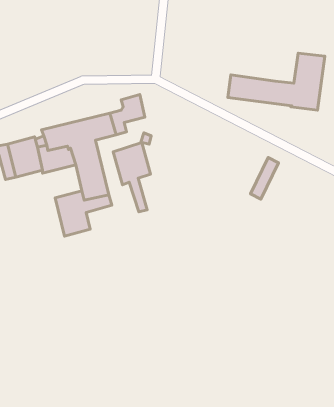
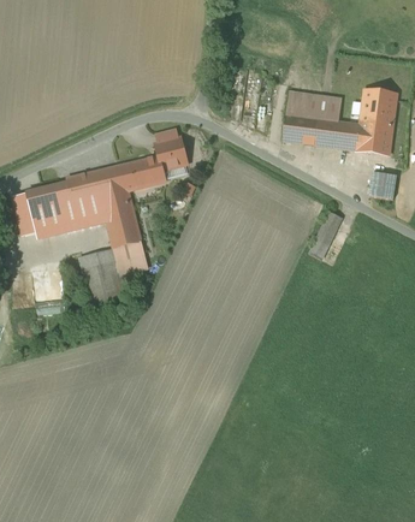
building: none -> [286,90,342,121]
building: none -> [369,172,396,200]
building: [113,142,151,212] -> none

